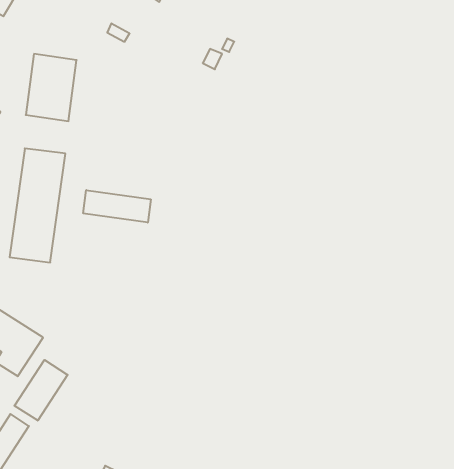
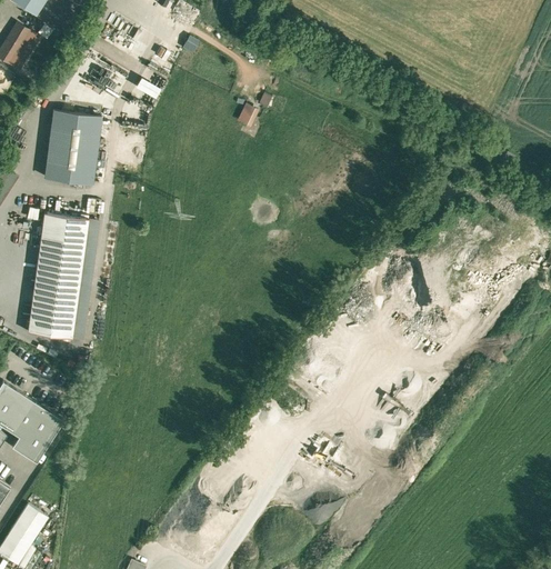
building: [83,190,151,223] -> none
building: [14,360,68,421] -> none

